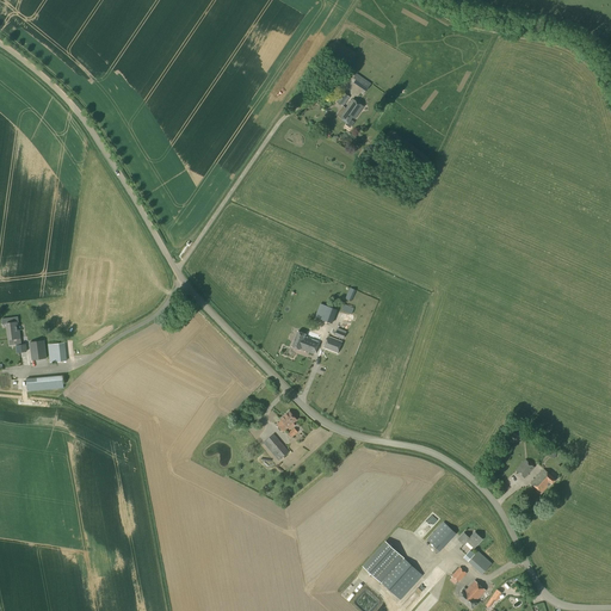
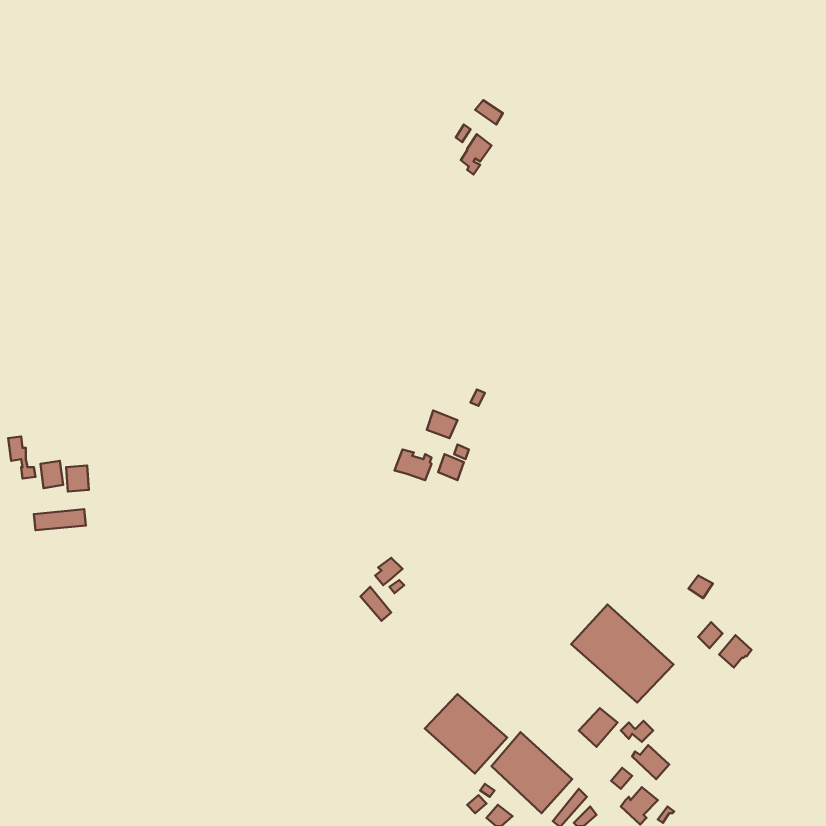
building: none -> [571,604,674,702]
building: none -> [425,694,507,774]

